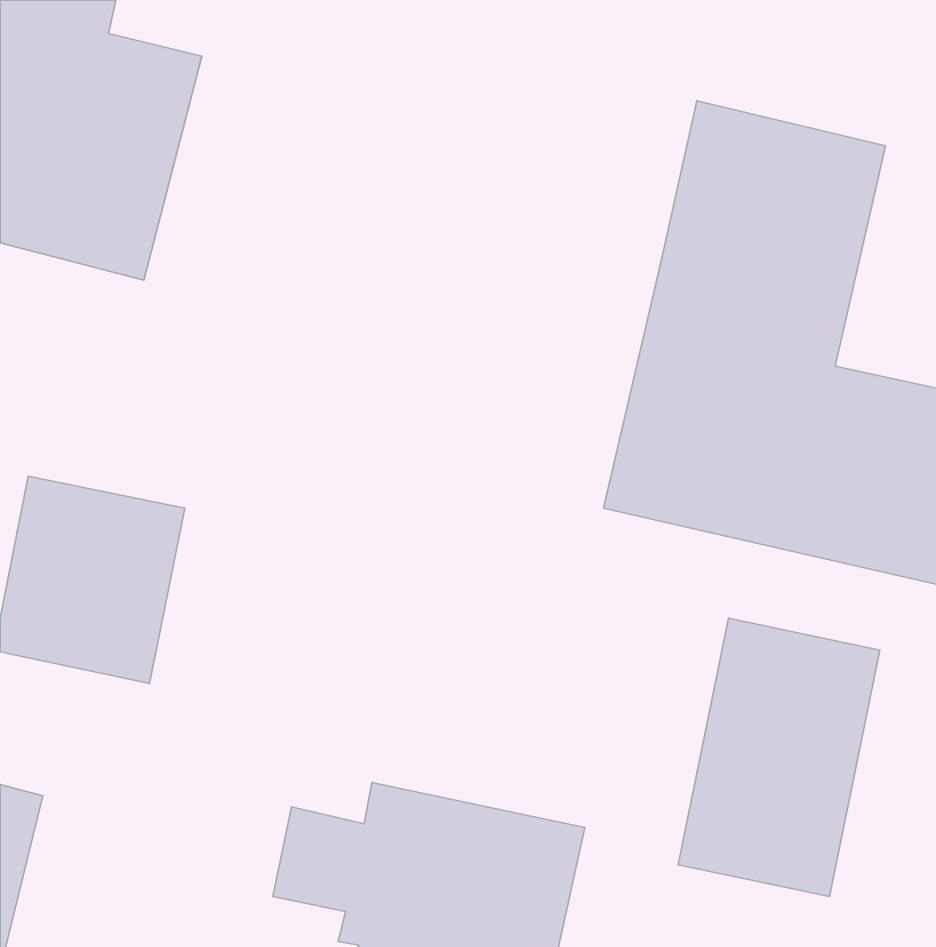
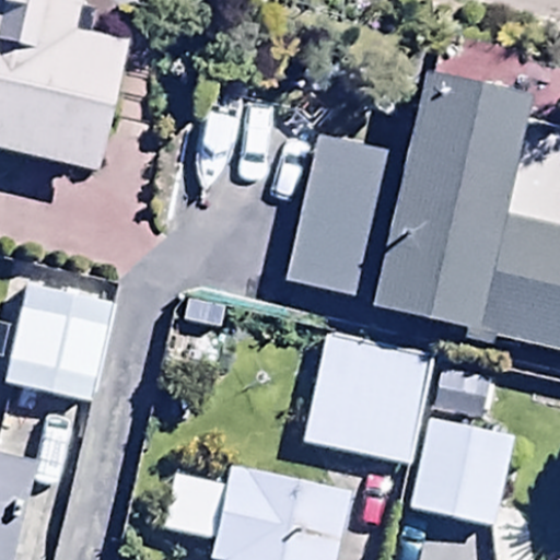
building: none -> [282,137,398,302]
building: none -> [304,335,433,464]

